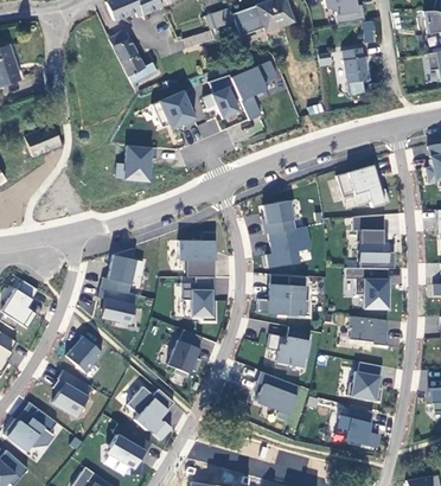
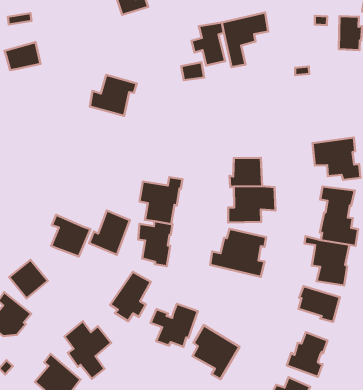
building: [152,87,196,127] -> none
building: [101,252,136,294] -> [89,210,130,255]
building: [267,326,311,367] -> [151,304,198,347]

